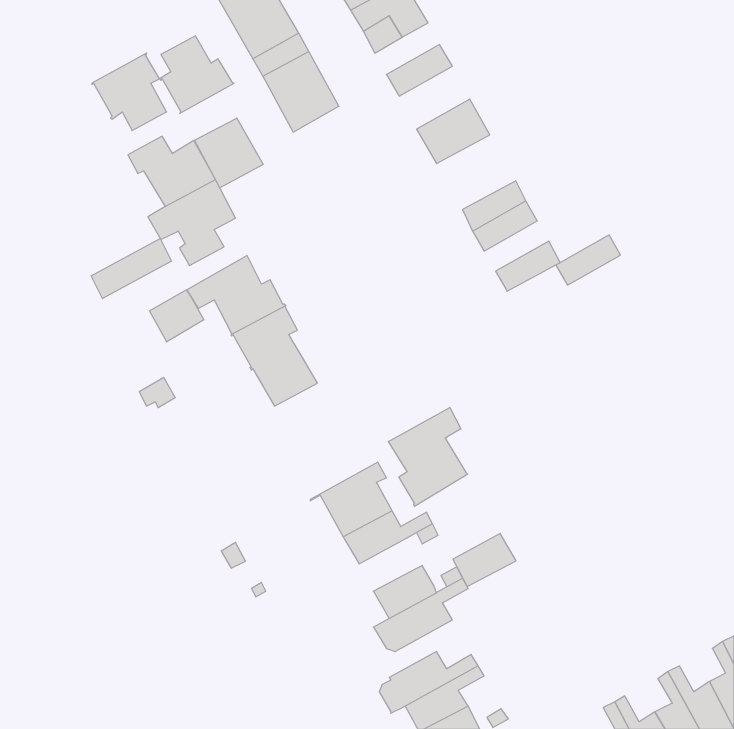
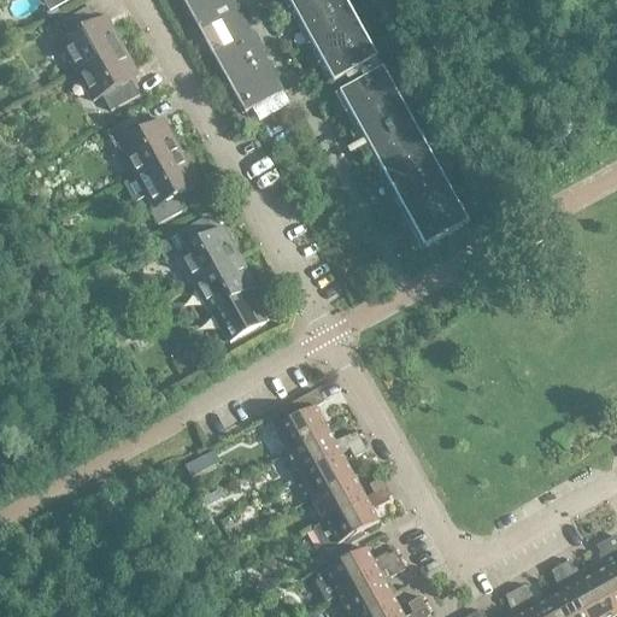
building: none -> [315,19,369,63]
building: [159,36,234,113] -> [60,5,123,70]
building: none -> [340,66,394,108]
building: [195,118,263,188] -> none
building: none -> [366,113,433,176]
building: [556,235,620,285] -> [406,186,460,228]
building: [91,238,172,299] -> none
building: [150,290,204,342] -> none
building: [388,407,468,506] -> none
building: [453,533,516,587] -> [301,452,354,496]

